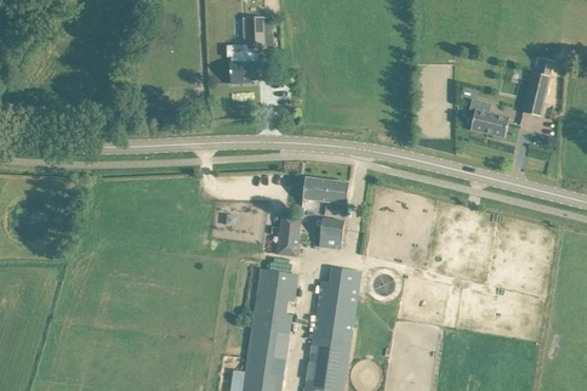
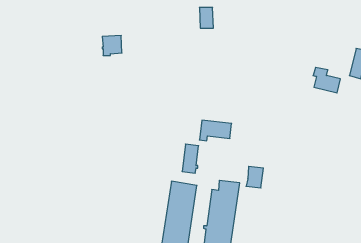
building: [245,17,266,47] -> [199,7,213,28]
building: [230,53,260,83] -> [102,36,122,55]
building: [319,217,344,249] -> [246,166,263,188]

